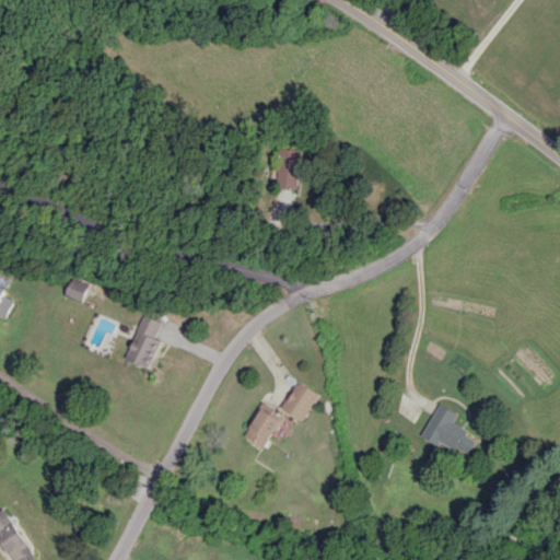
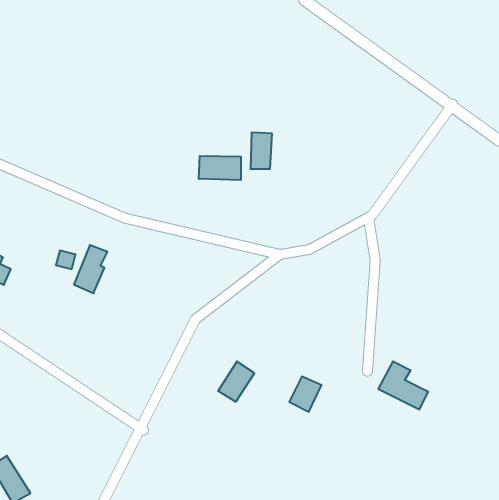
building: none -> [199,156,241,180]
building: [122,316,160,370] -> [74,245,107,293]
building: [281,383,317,422] -> [289,376,322,412]

